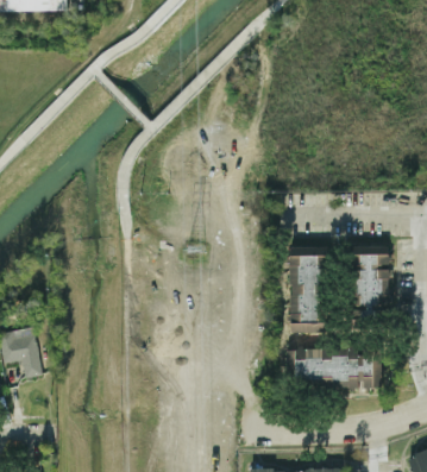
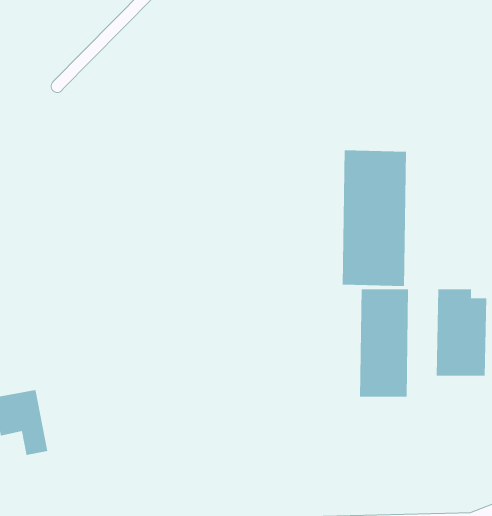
building: none -> [342,149,406,287]
building: [287,347,382,389] -> none

